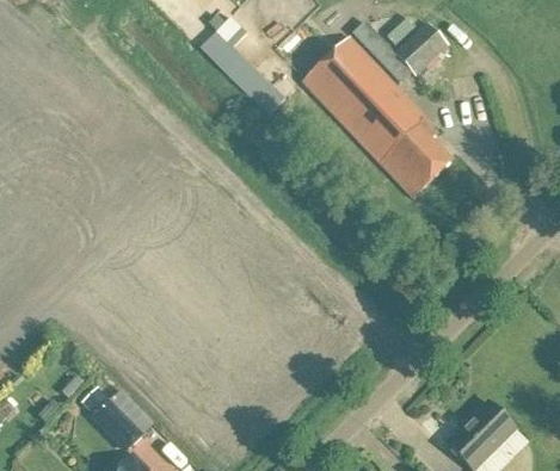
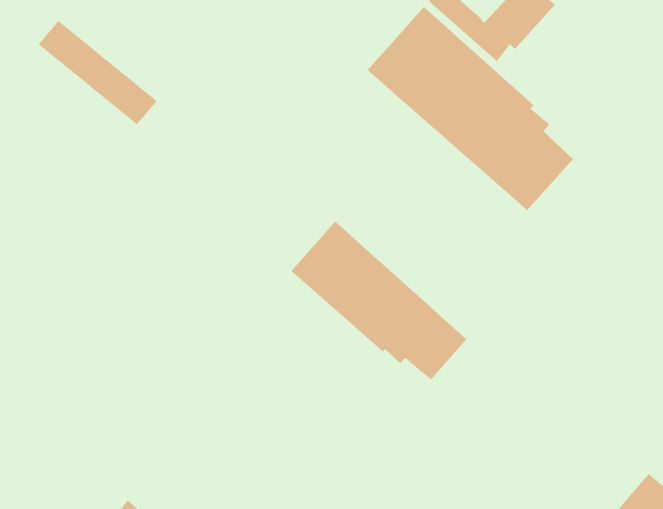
building: [201,32,287,116] -> [38,20,158,125]
building: none -> [290,221,467,380]

